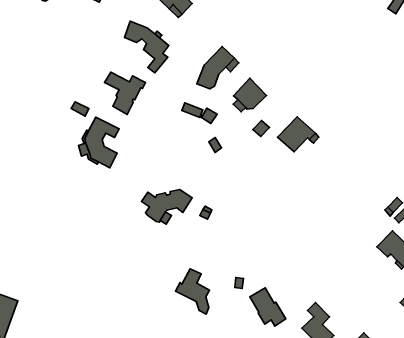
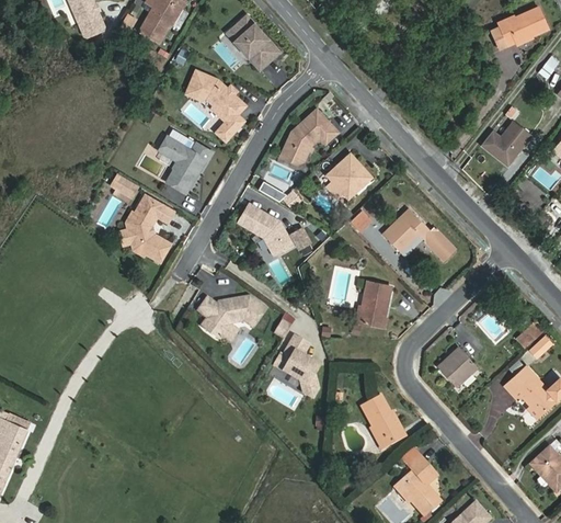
building: none -> [479,118,531,167]
building: none -> [238,203,291,255]
building: none -> [357,281,390,328]
building: none -> [436,346,477,387]
building: [176,269,210,314] -> [273,336,318,397]
building: [250,288,286,326] -> [359,394,405,445]

